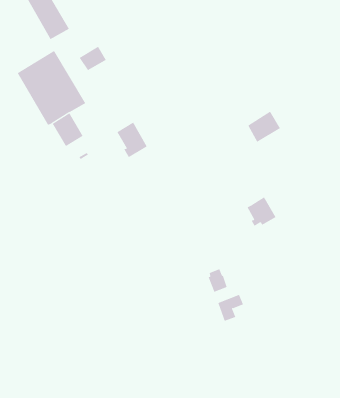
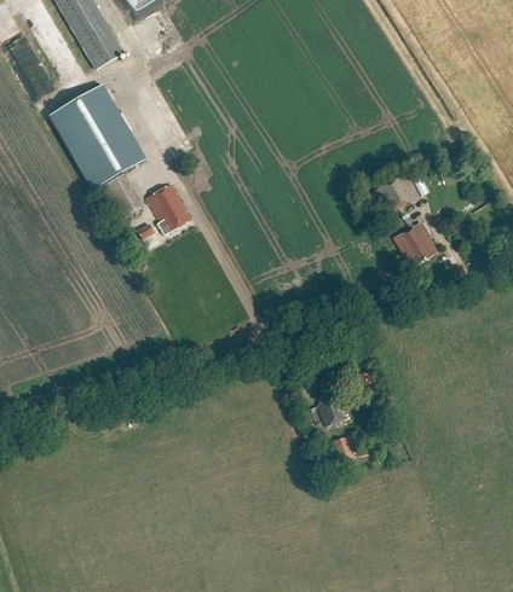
building: [79,46,107,71] -> none
building: [117,122,147,158] -> [146,184,190,234]
building: [247,196,277,226] -> [393,222,436,265]

